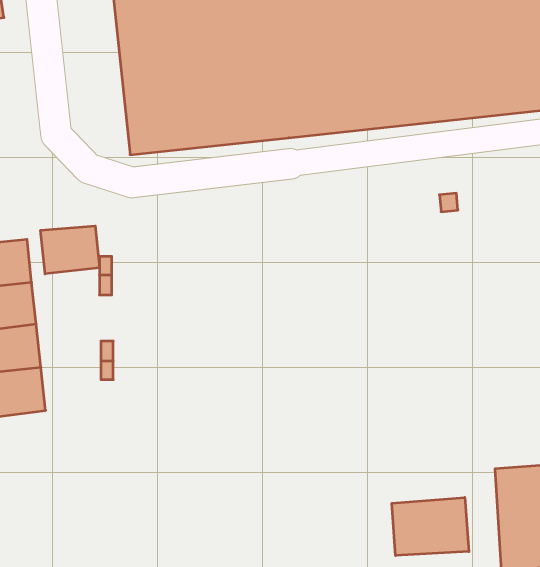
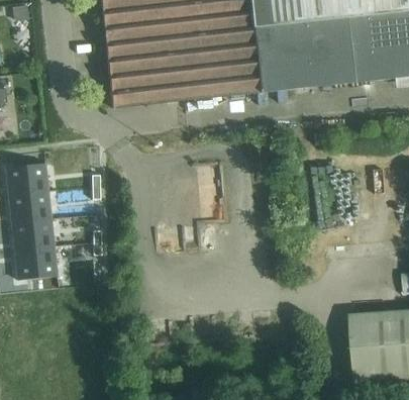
building: [41,226,99,274] -> none
building: [392,497,469,556] -> none

